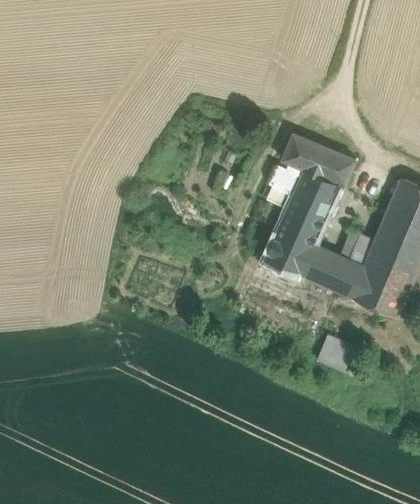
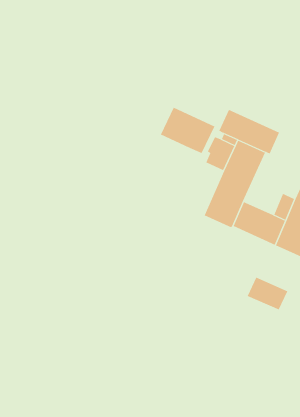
building: none -> [160,107,215,154]

